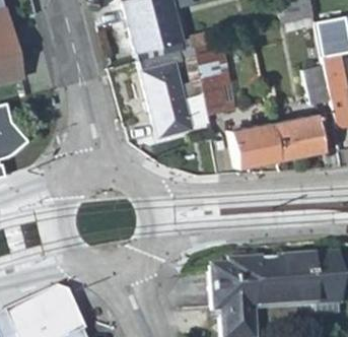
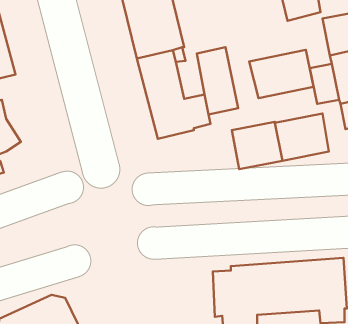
building: none -> [249,50,314,98]

